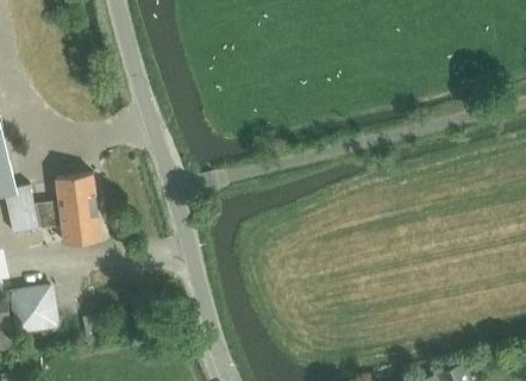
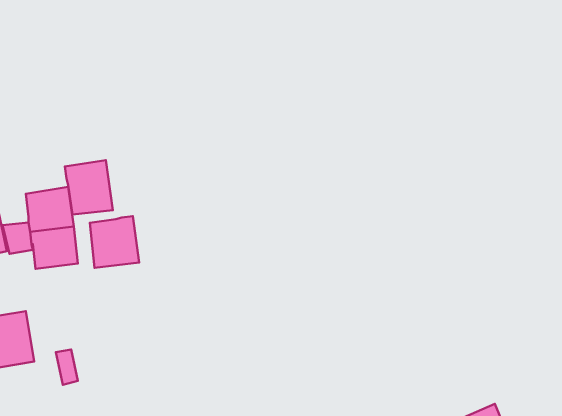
building: none -> [65,160,113,214]
building: none -> [90,216,139,268]

